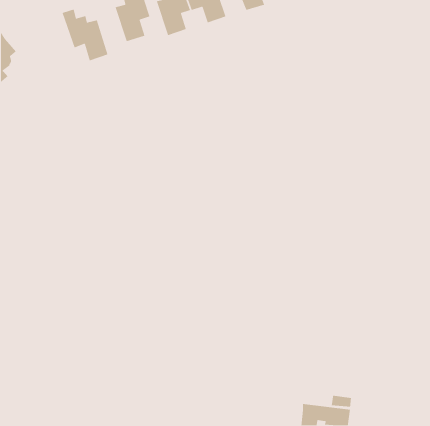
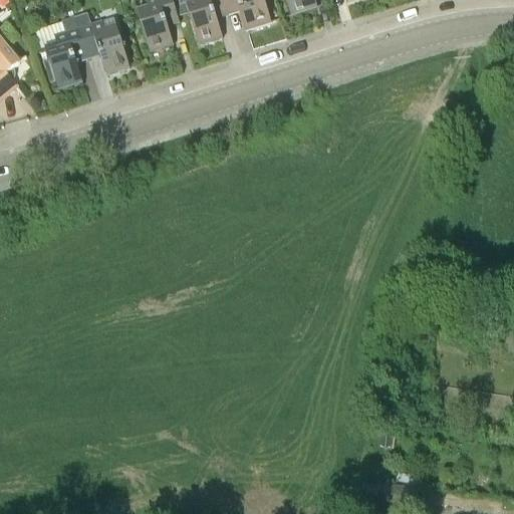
building: none -> [35,15,88,87]

